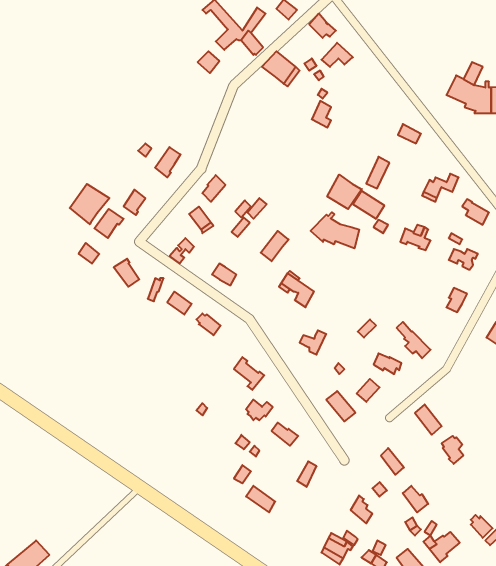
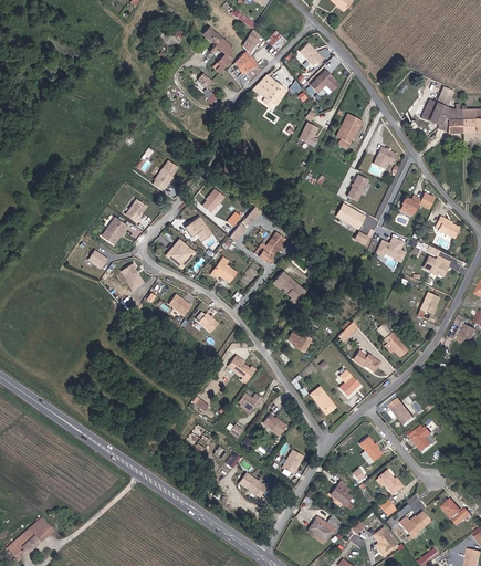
building: none -> [335,109,360,144]
building: [327,175,362,209] -> none
building: [70,184,109,224] -> none
building: [311,212,359,248] -> none

